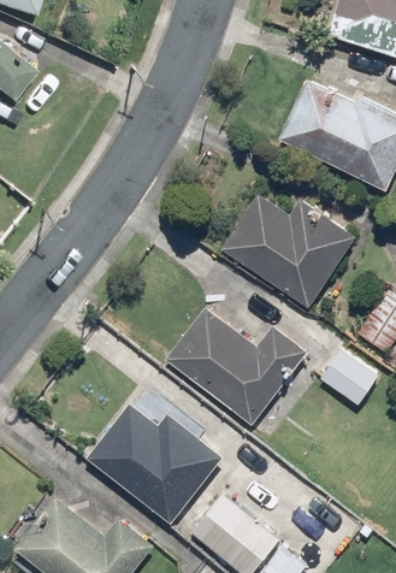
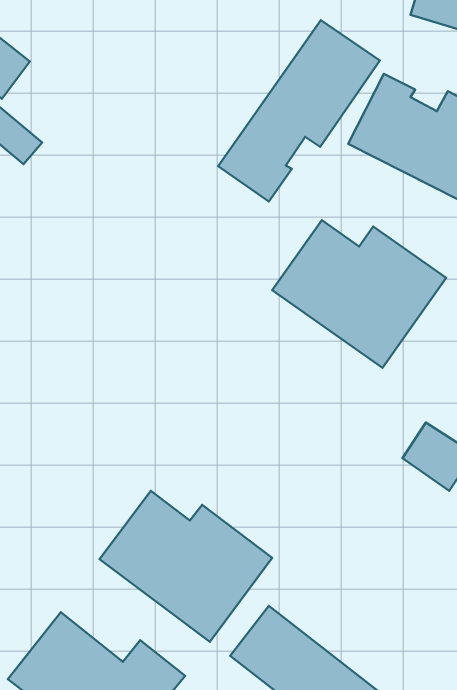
building: none -> [218,20,380,201]
building: [166,308,309,426] -> none

